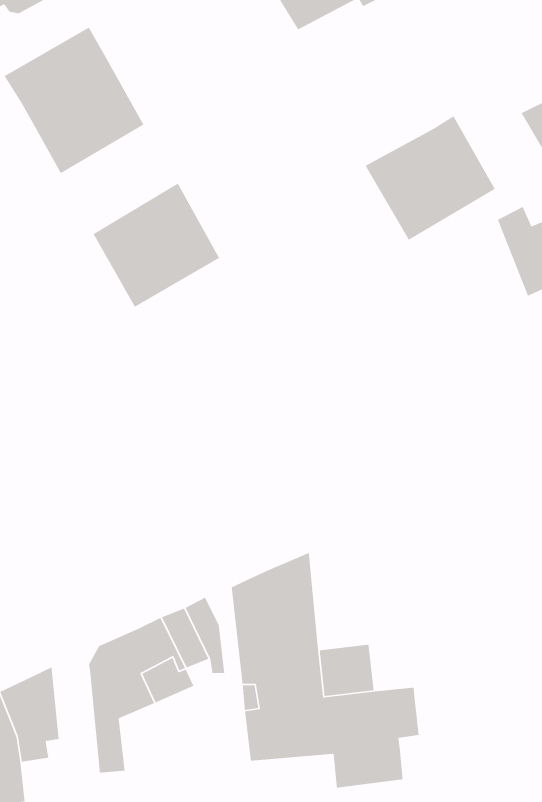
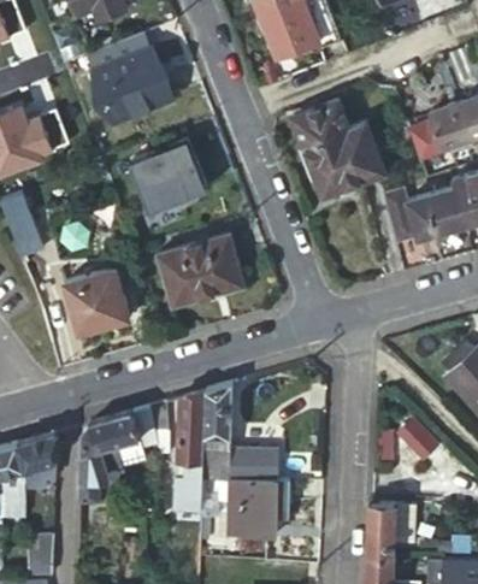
building: none -> [294,99,352,146]
building: none -> [158,234,244,307]
building: none -> [63,267,130,334]

